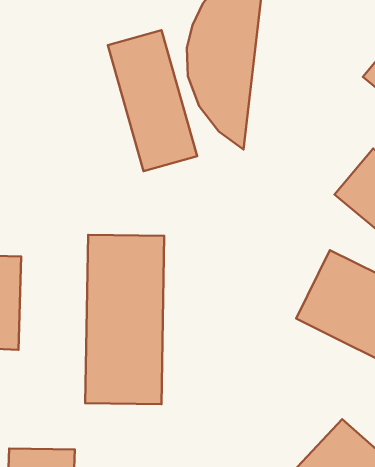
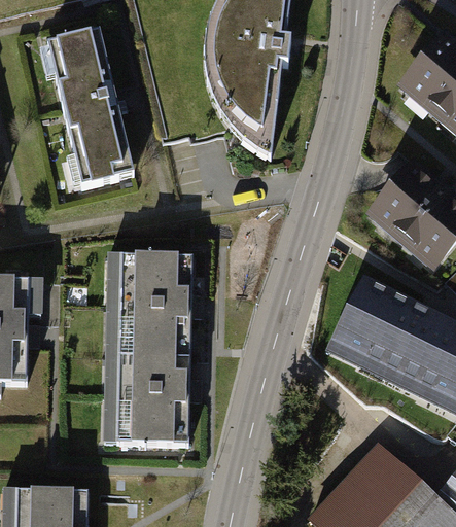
building: [108,30,197,171] -> [44,36,142,190]

